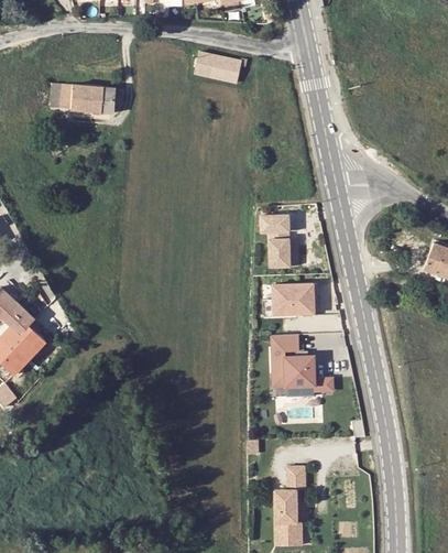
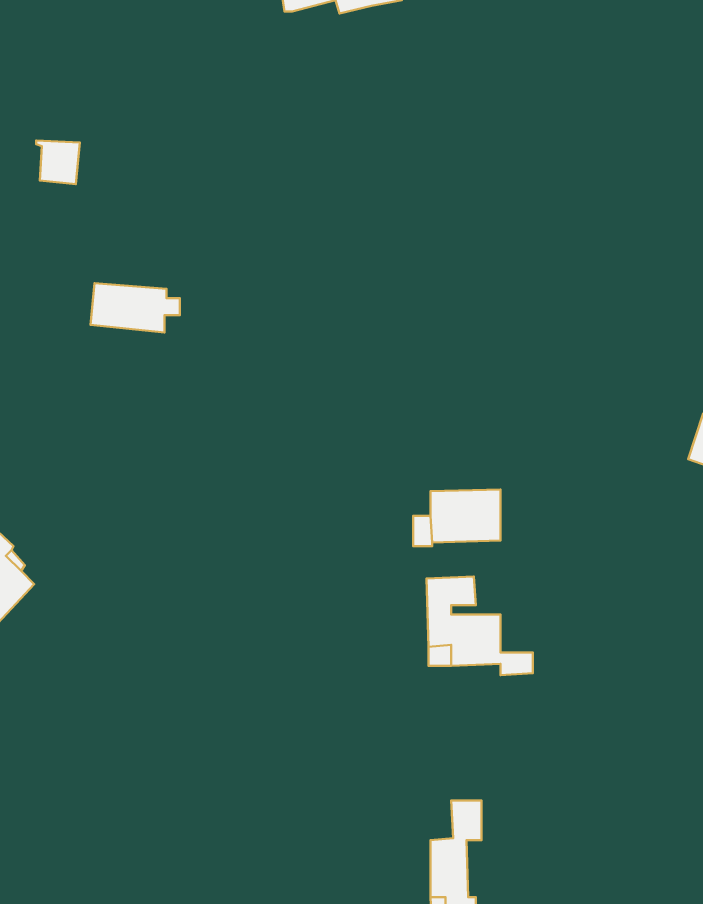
building: [193,51,240,83] -> none
building: [69,84,121,112] -> [91,283,180,332]
building: [263,217,292,267] -> none

